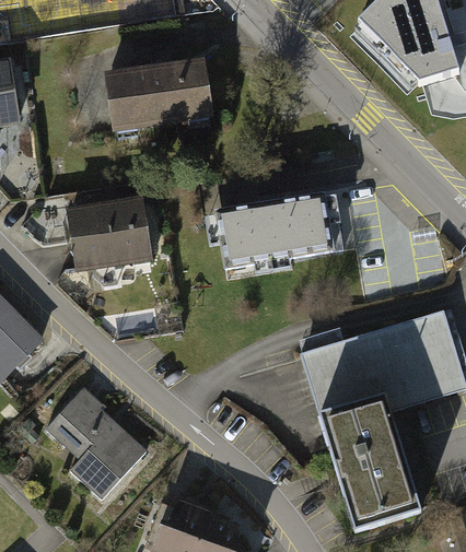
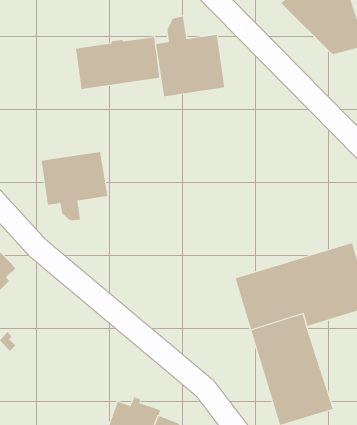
building: none -> [156,16,225,97]
building: [218,195,338,265] -> none
building: [46,384,142,497] -> none

